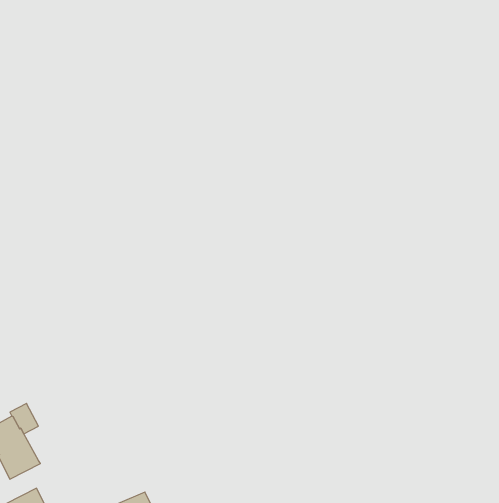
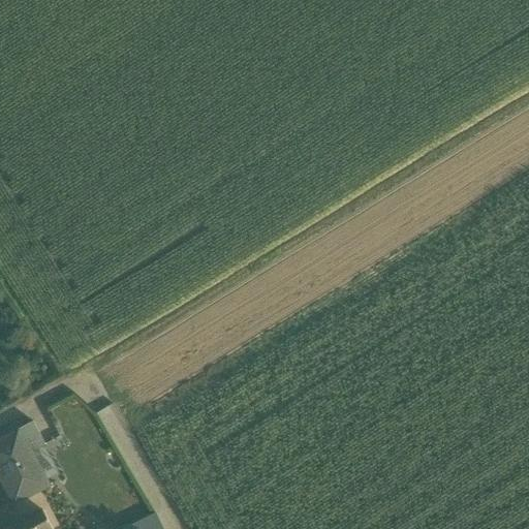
building: none -> [25,447,56,484]

